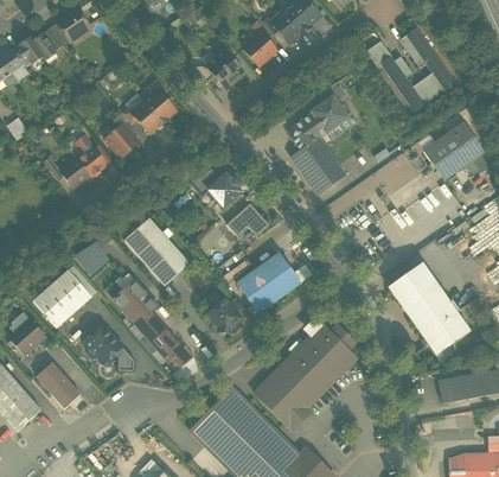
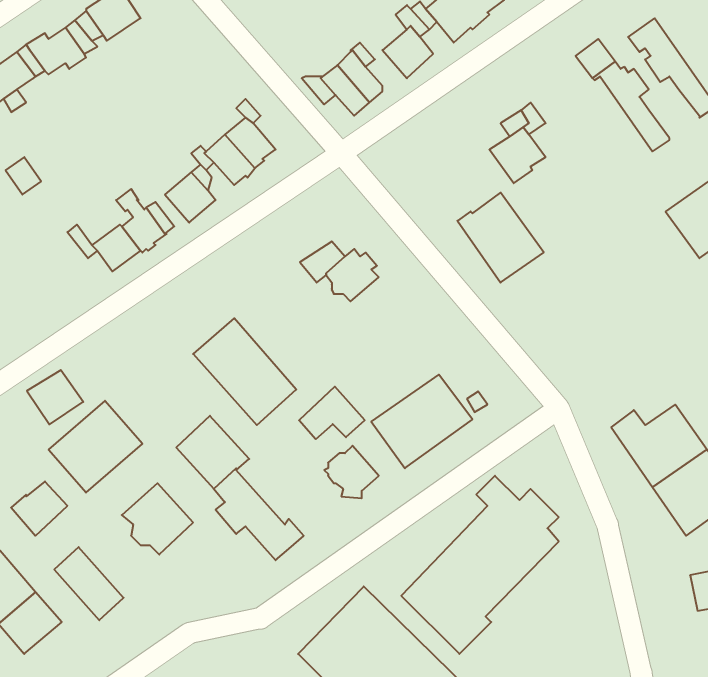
building: [411,72,443,103] -> none
building: [290,110,326,151] -> none
building: [226,203,268,236] -> [299,387,365,439]
building: [73,240,109,274] -> [27,370,83,424]

